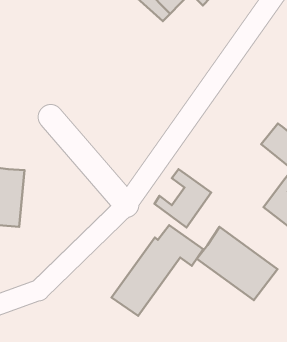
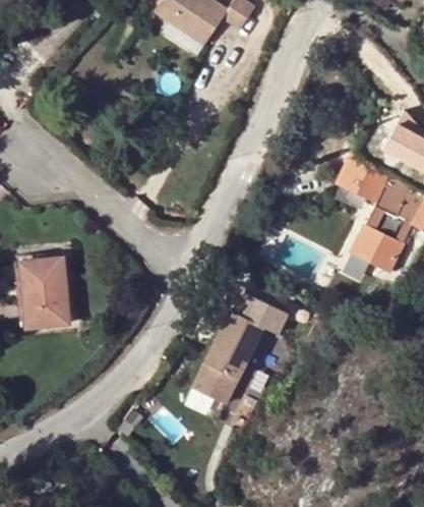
building: [155,169,211,228] -> none
building: [197,227,278,300] -> none

